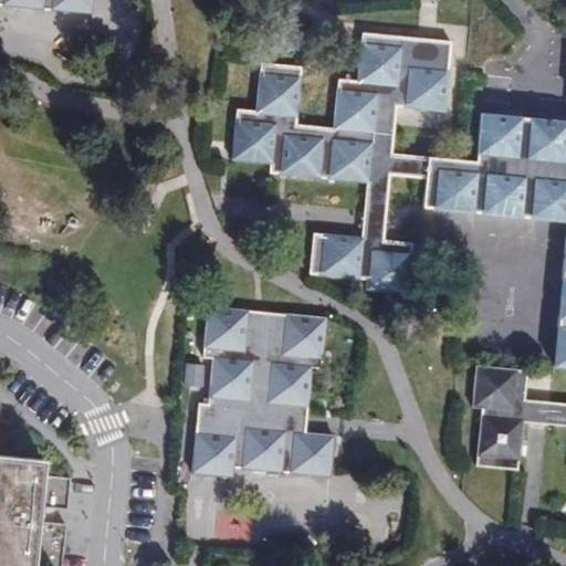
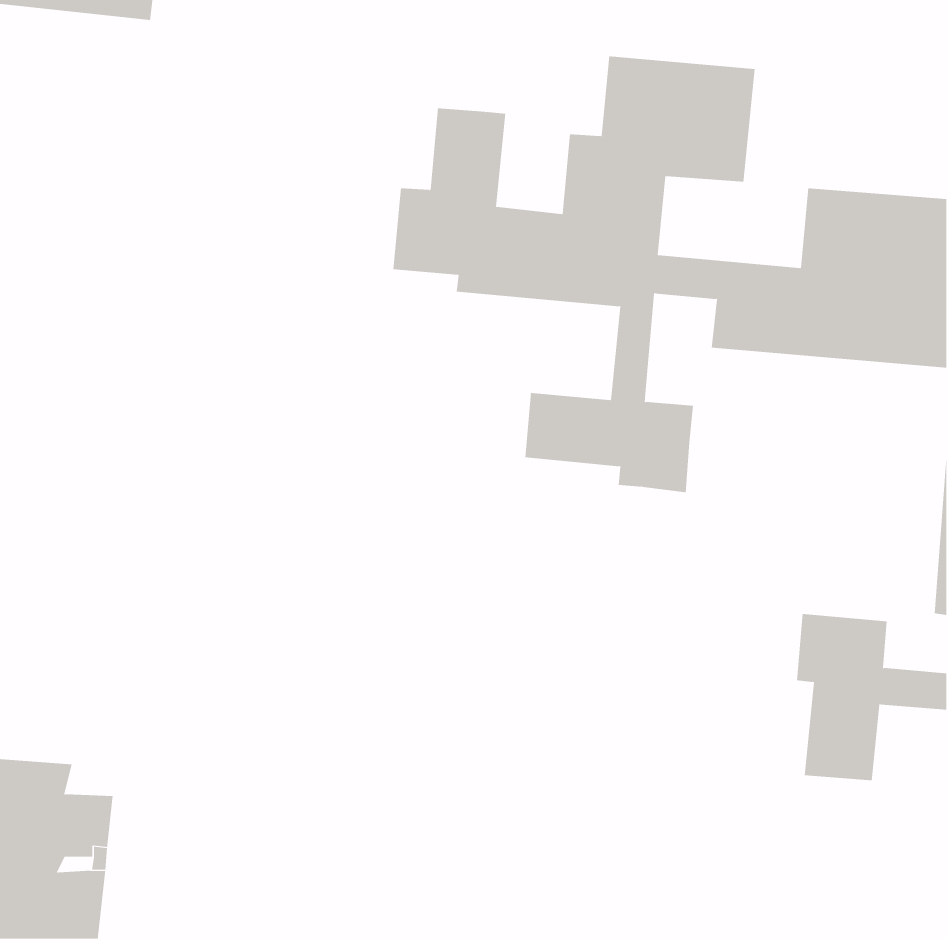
building: [193,308,336,476] -> none

